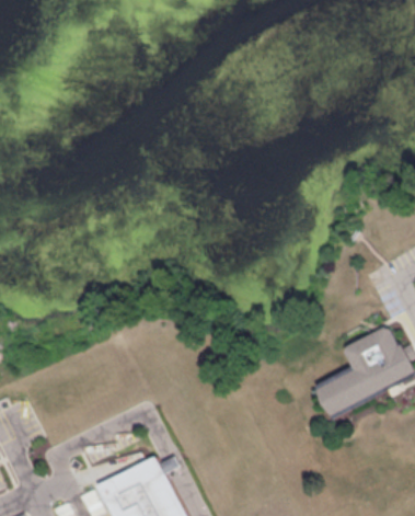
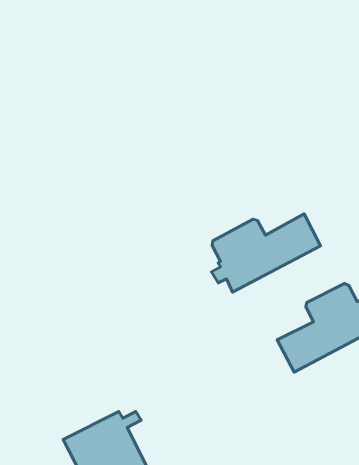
building: none -> [211,214,321,292]

